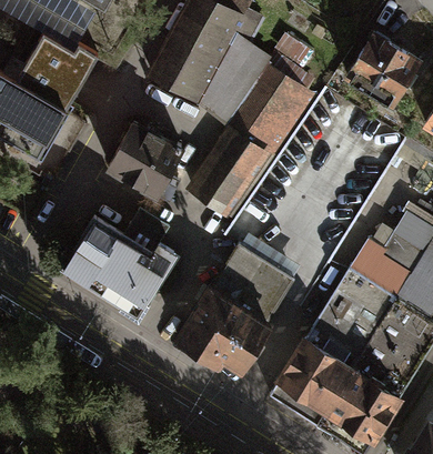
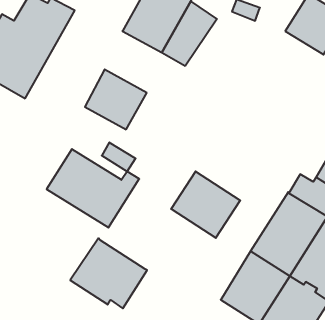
building: [194,63,304,211] -> none
building: [177,286,268,370] -> [70,238,147,308]

